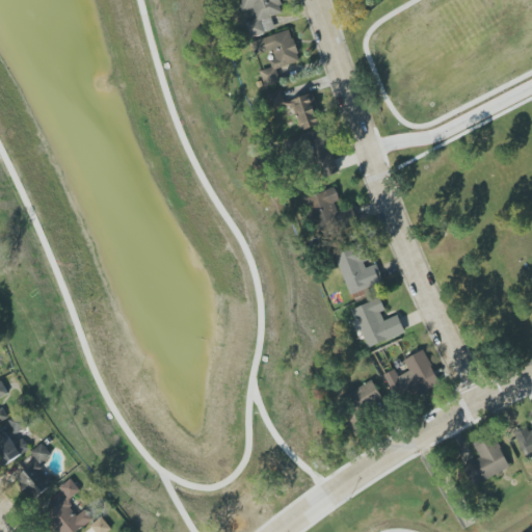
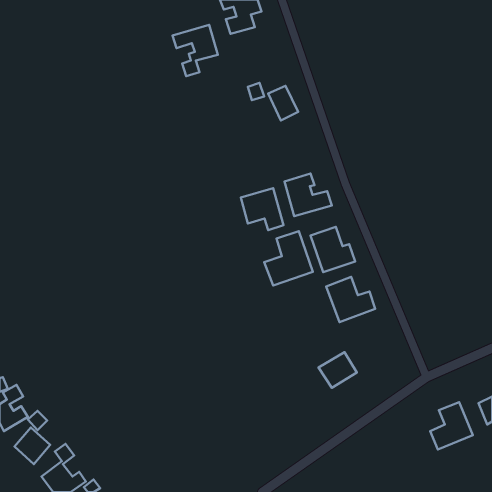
building: [250,29,299,84] -> [173,25,218,76]
building: none -> [241,188,283,230]
building: none -> [264,231,313,285]
building: [383,349,440,402] -> none

